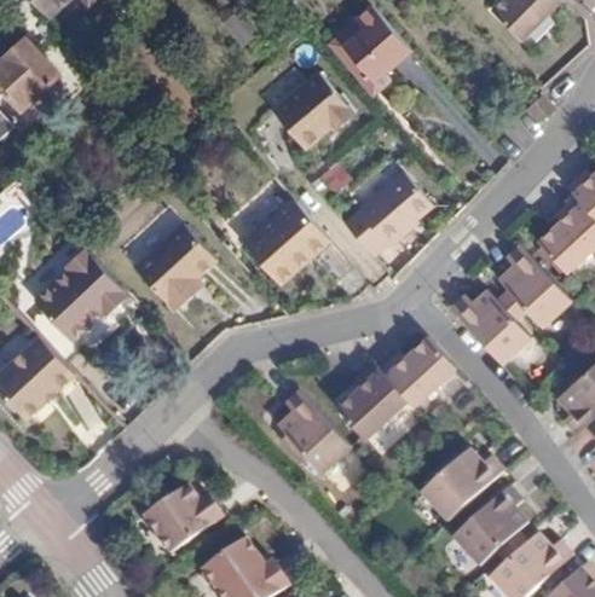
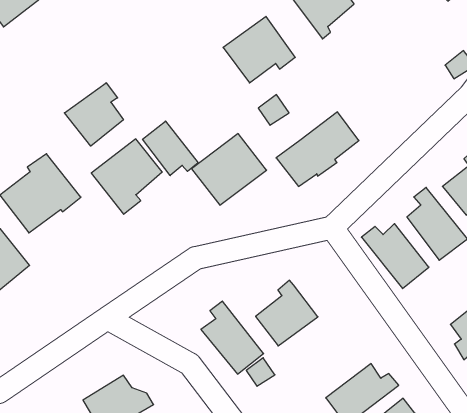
building: none -> [64,83,123,146]
building: none -> [143,121,198,176]
building: [374,340,451,408] -> none

